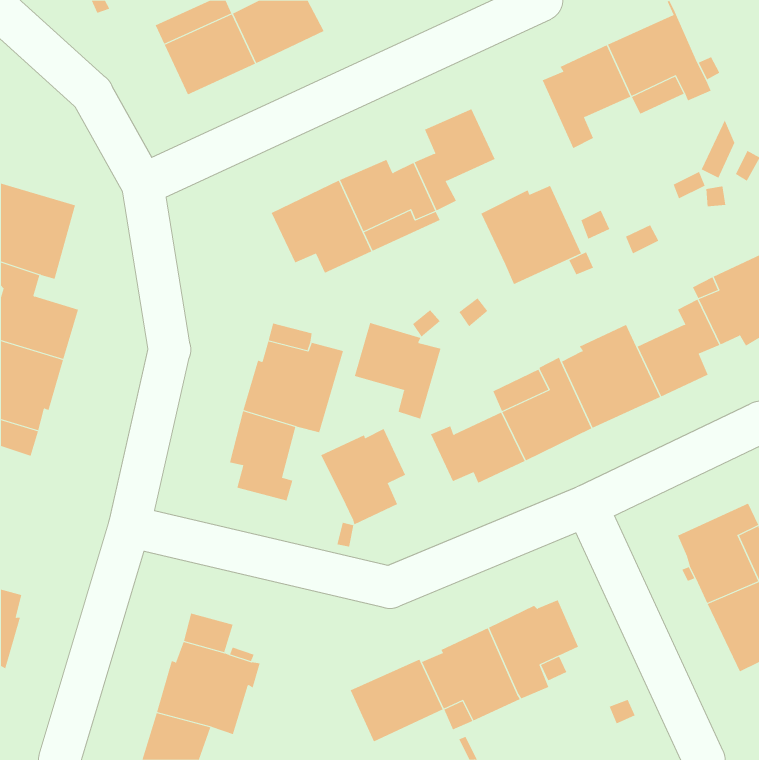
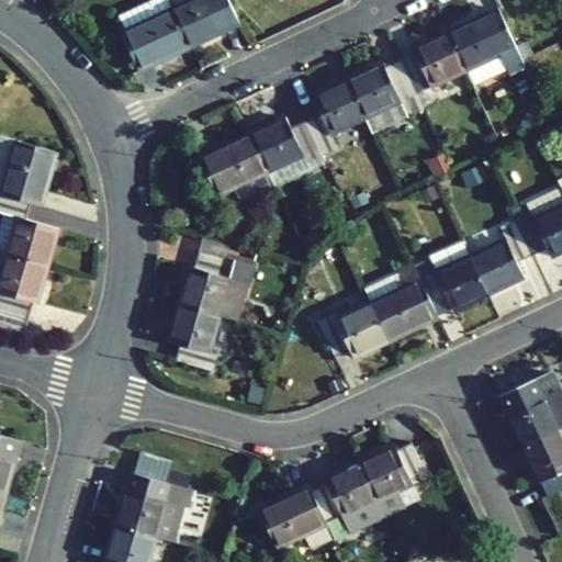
building: [481,185,582,285] -> [349,59,424,133]
building: [354,322,441,420] -> none
building: [321,428,406,525] -> none

